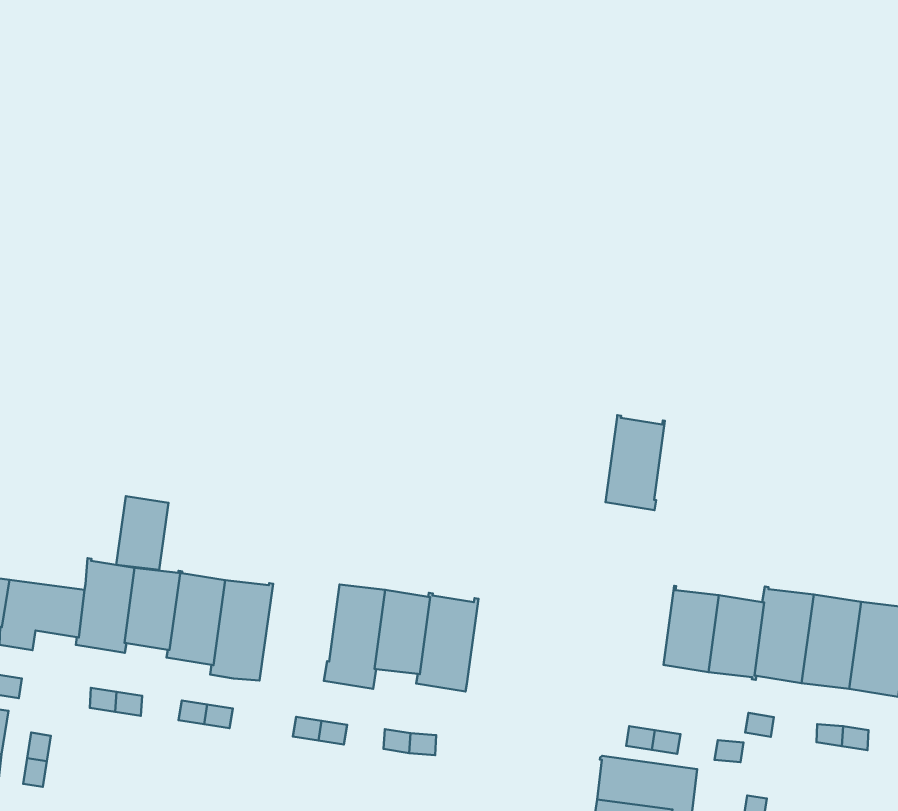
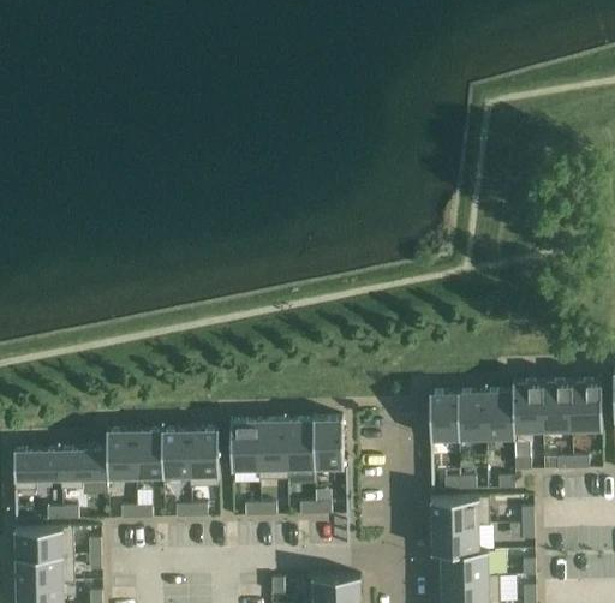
building: [605,415,665,510] -> [429,390,460,444]
building: [116,496,168,570] -> none
building: none -> [229,420,259,471]

